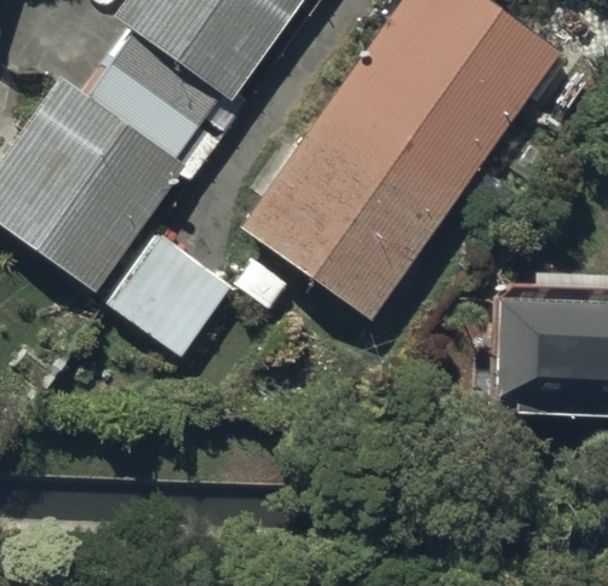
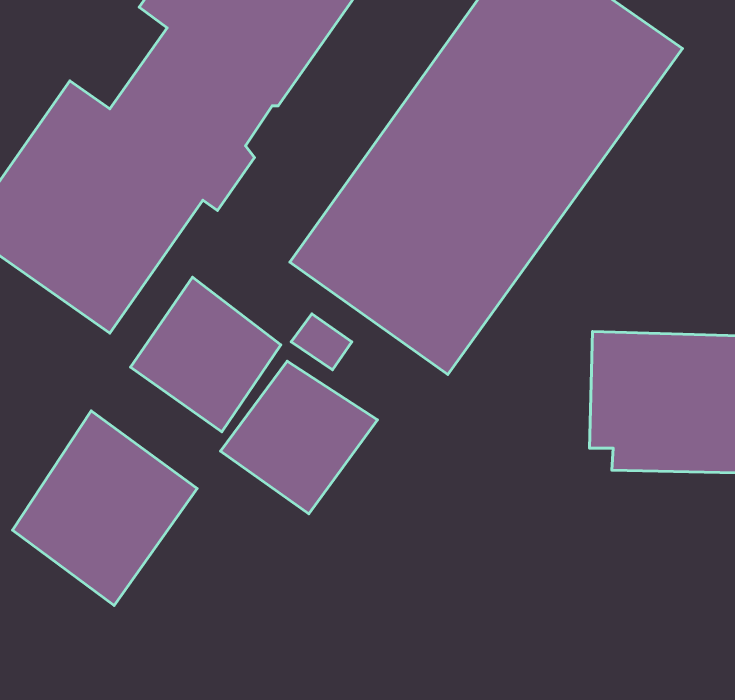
building: none -> [220,361,377,514]
building: none -> [12,411,197,606]

